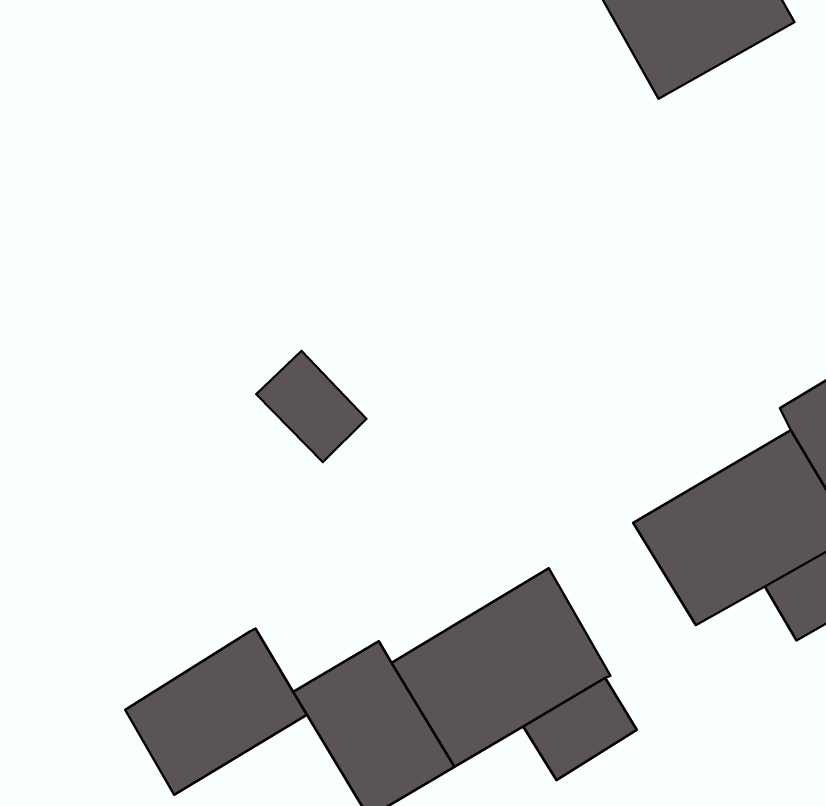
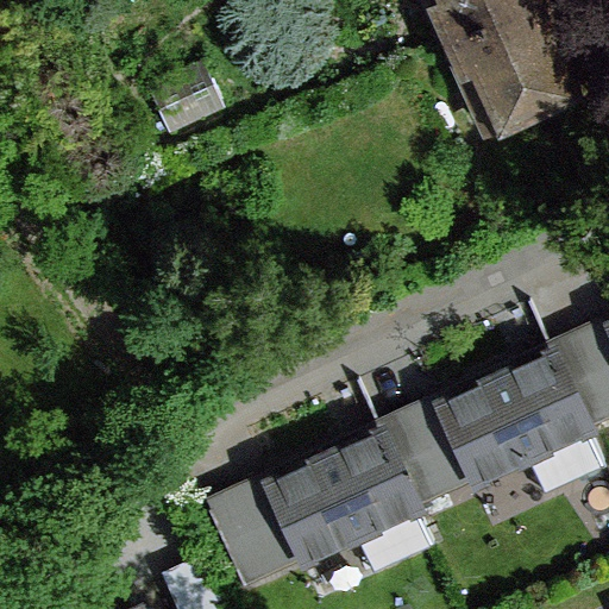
building: none -> [378,389,479,506]
building: [125,628,307,795] -> none

